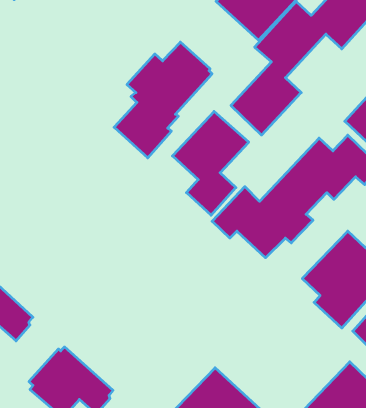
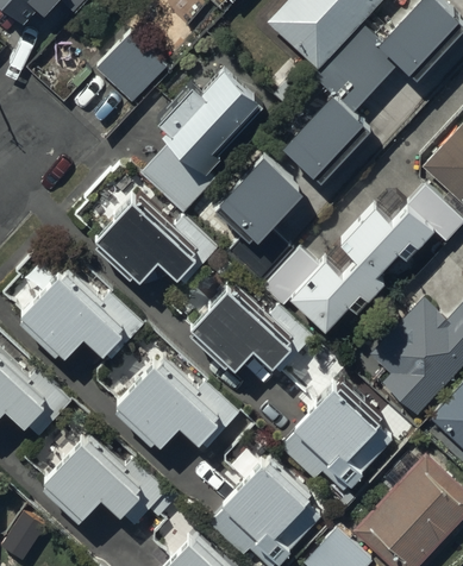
building: none -> [98,33,167,102]
building: none -> [98,197,199,279]
building: none -> [24,276,126,358]
building: none -> [192,287,293,370]
building: none -> [120,364,221,446]
building: none -> [279,385,394,491]

